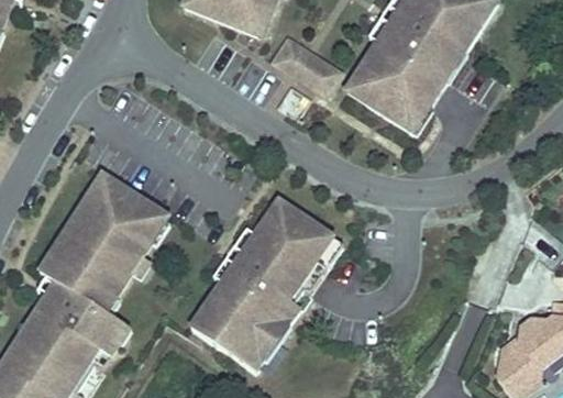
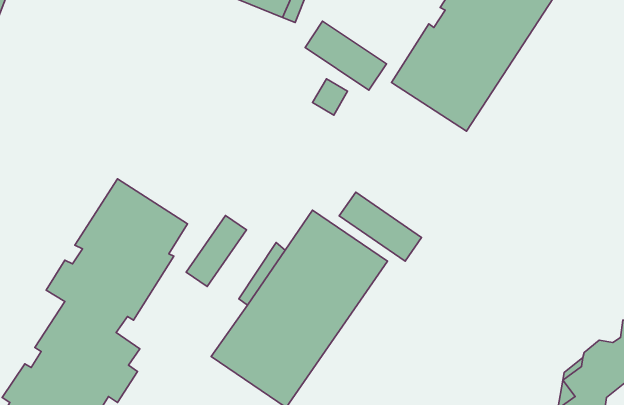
building: none -> [339,192,421,261]
building: none -> [186,215,246,287]

